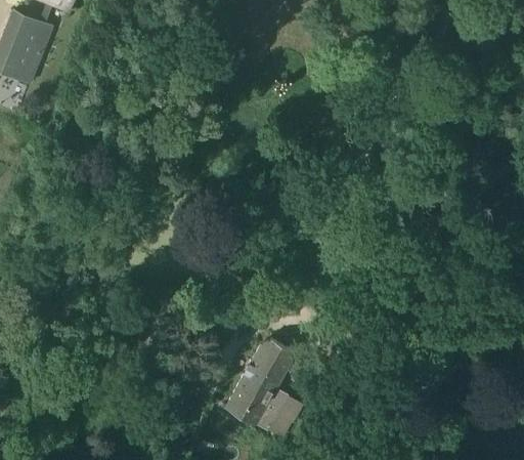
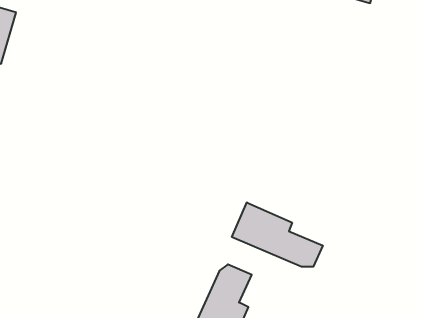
building: none -> [232,202,323,267]

